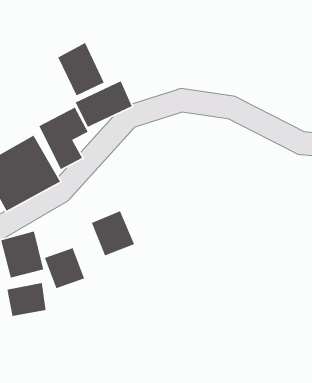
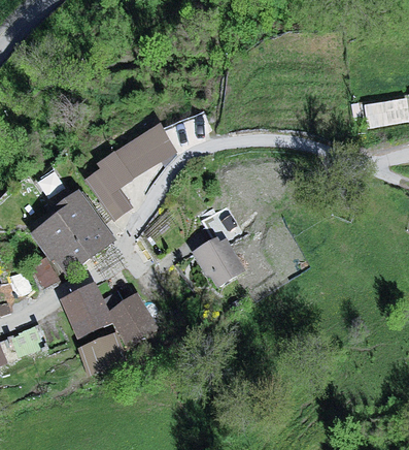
building: [57,42,105,97] -> none
building: [91,210,135,256] -> [194,236,241,285]

